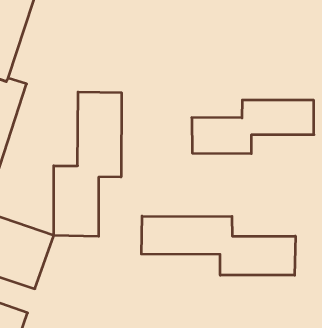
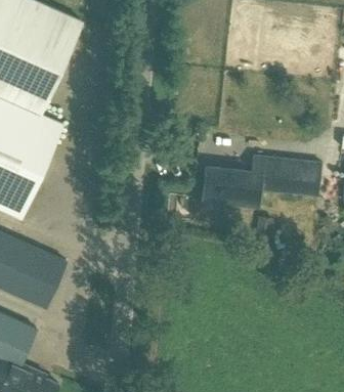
building: [54,92,121,236] -> none
building: [141,216,295,275] -> none

